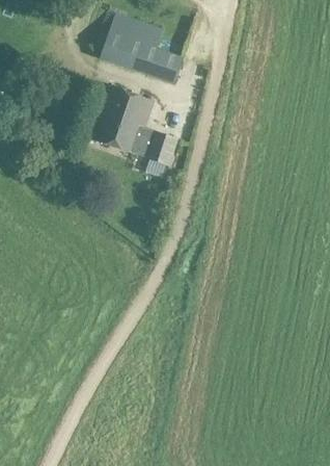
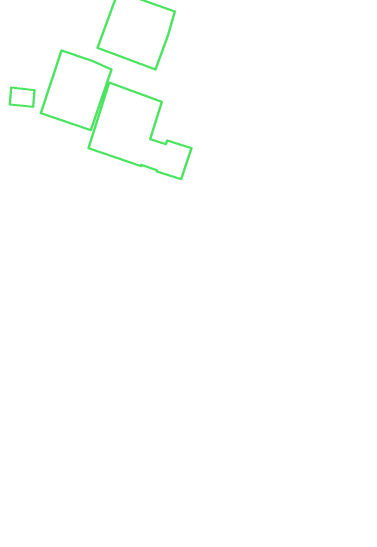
building: none -> [41,51,111,130]

